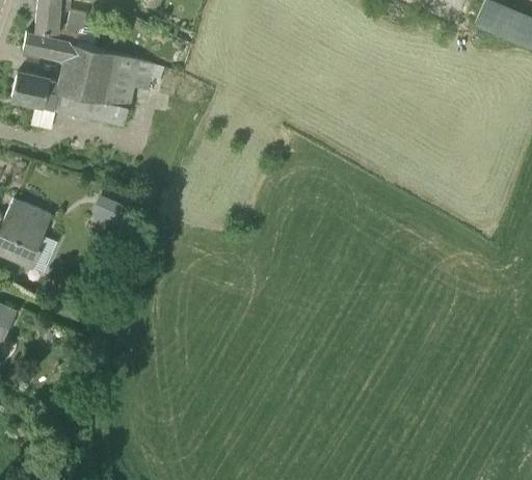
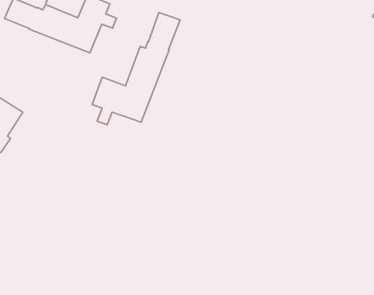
building: none -> [92,13,180,125]
building: [97,198,132,226] -> none

